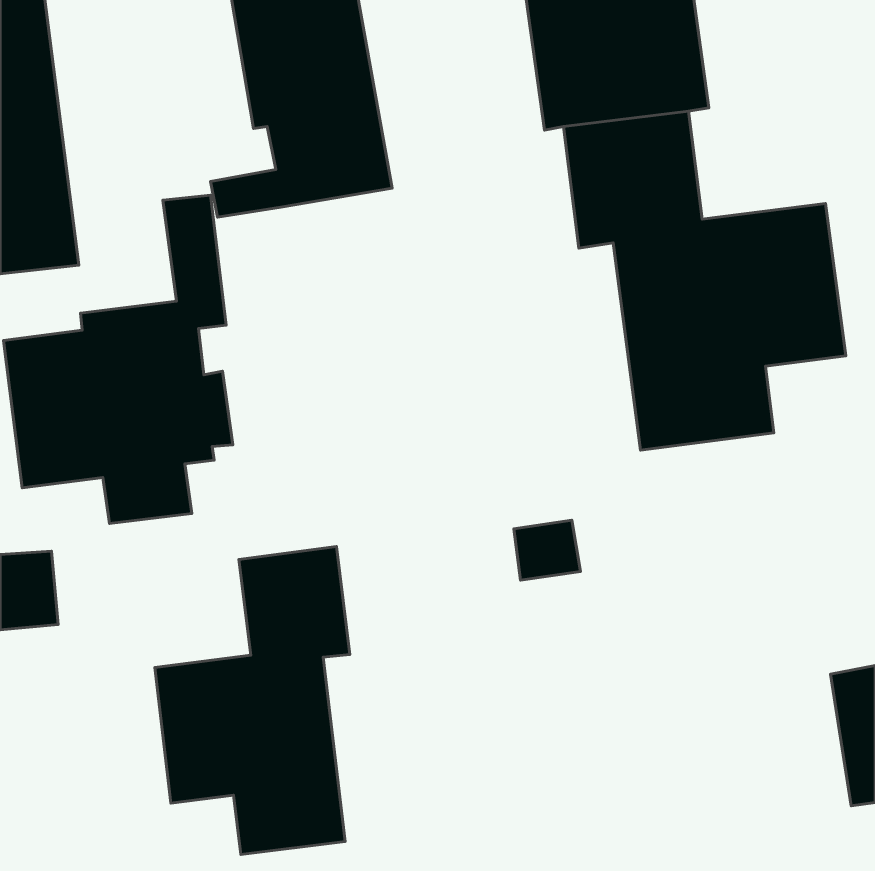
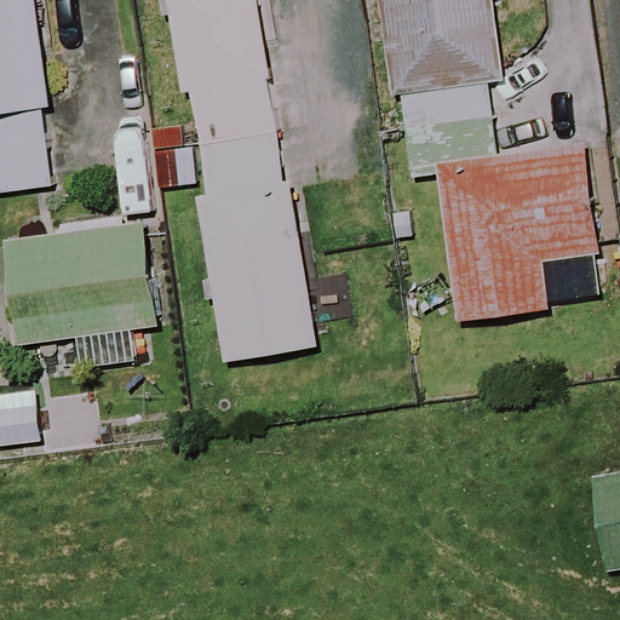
building: none -> [194,133,348,361]
building: [155,547,350,855] -> none

